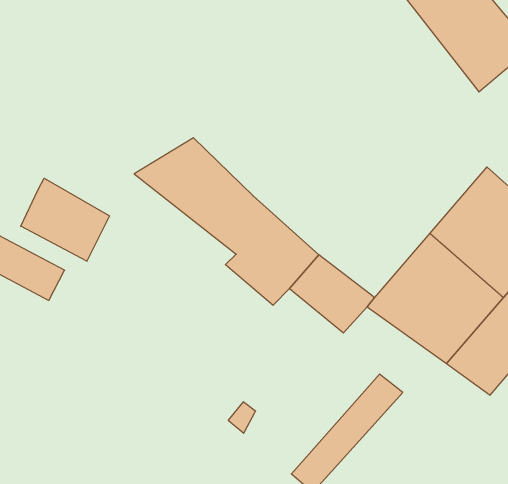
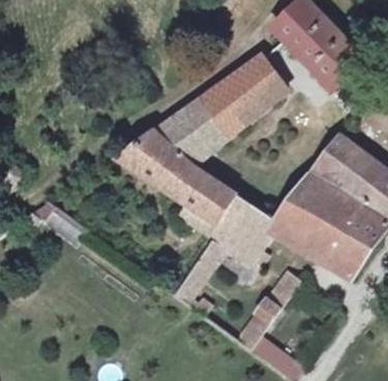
building: none -> [154,56,284,164]
building: [21,178,110,261] -> none
building: none -> [169,220,258,298]

